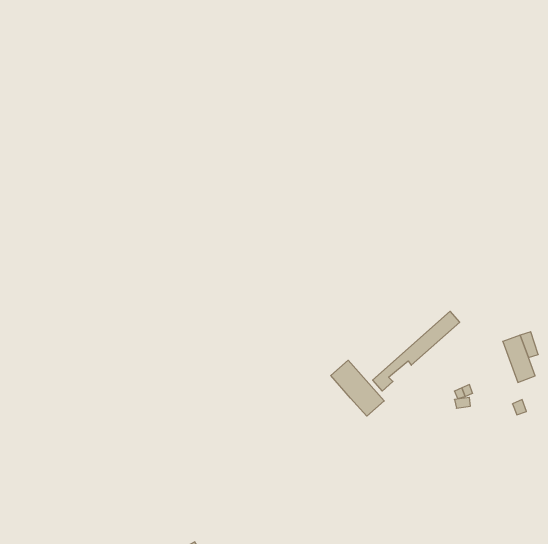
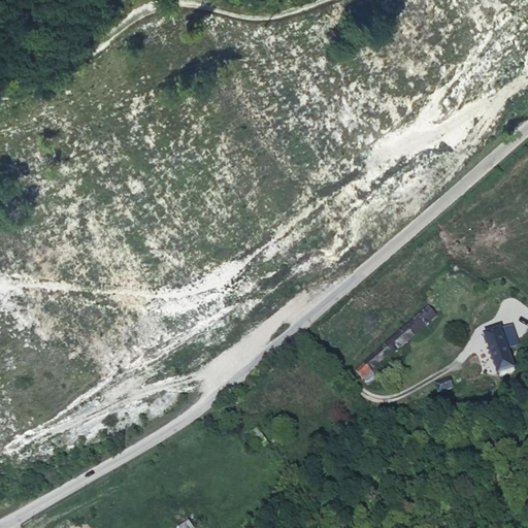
building: [331,360,384,416] -> none

